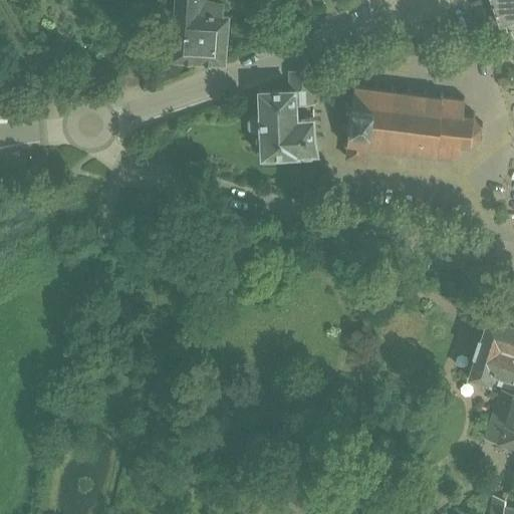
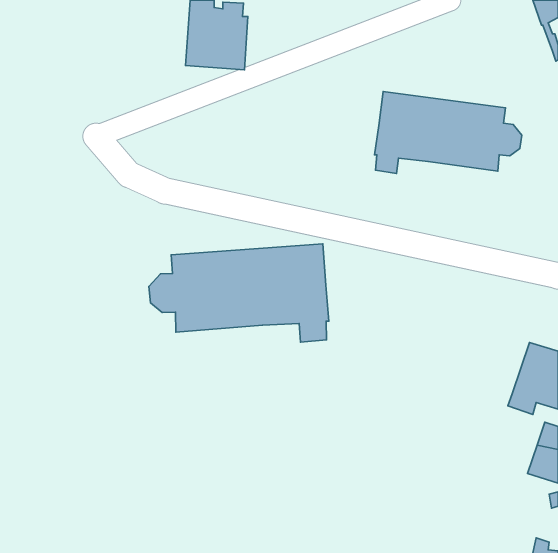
building: [247,74,318,160] -> none
building: none -> [149,244,329,342]

